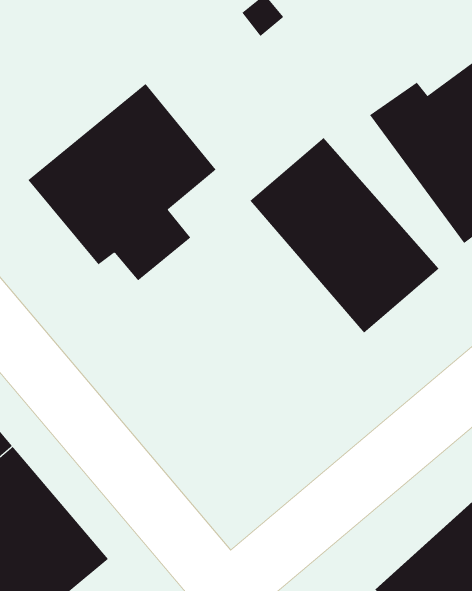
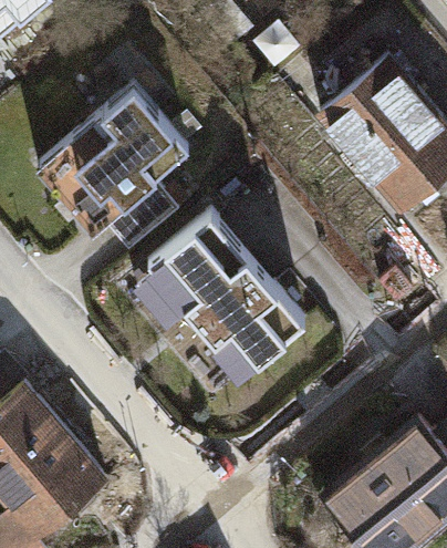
building: [249,137,439,334] -> [148,219,306,383]

